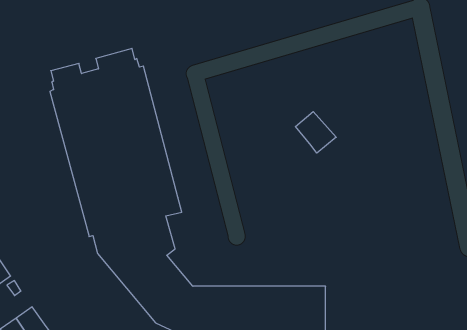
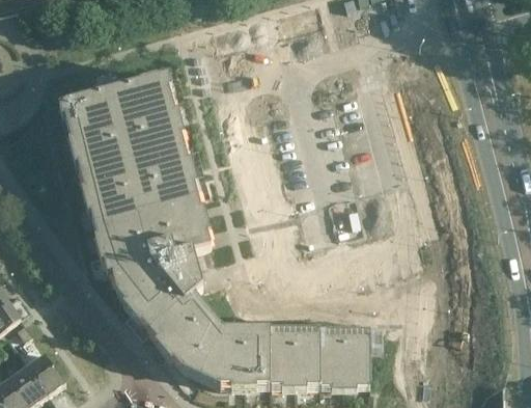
building: [295,112,336,153] -> none

